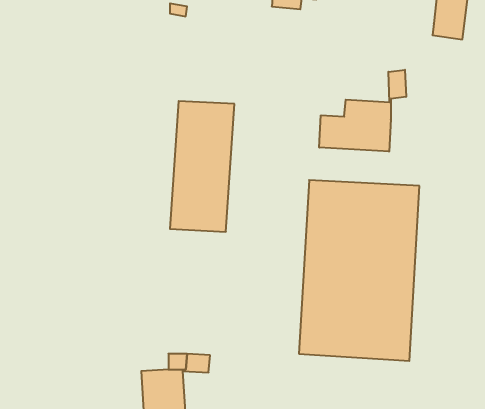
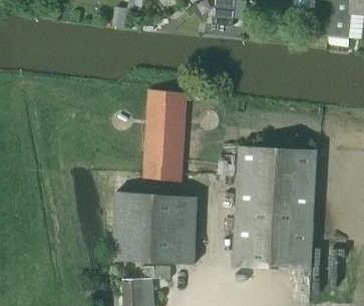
building: [319,70,406,152] -> none
building: none -> [112,191,198,264]

